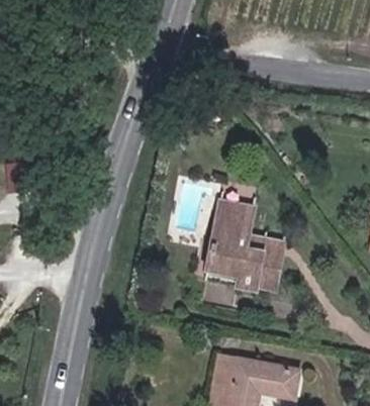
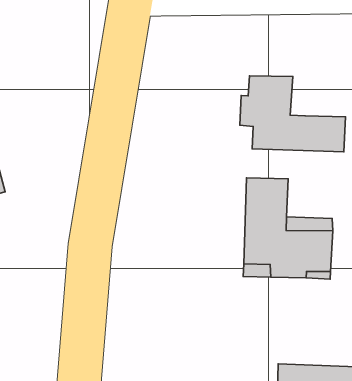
building: none -> [240,76,346,152]

